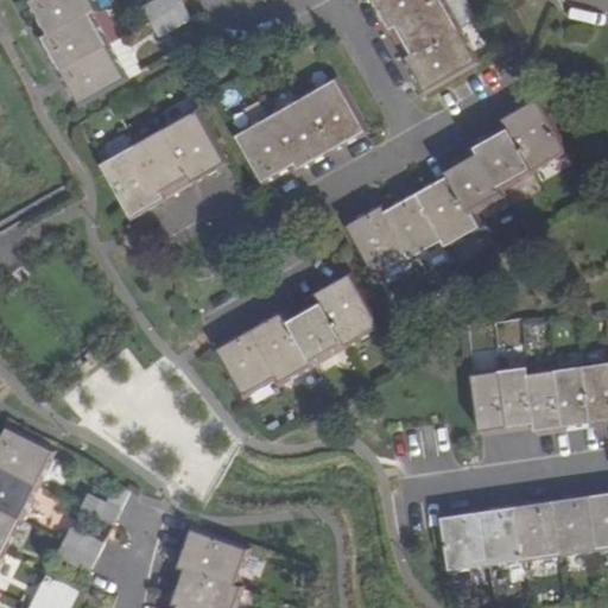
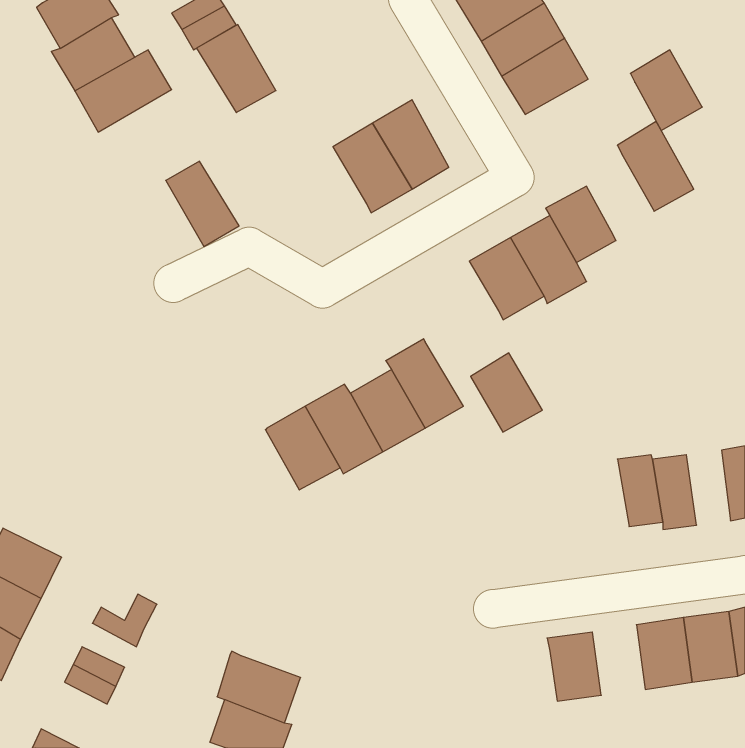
building: [162,112,226,183] -> [197,25,276,113]
building: [238,119,297,183] -> none
building: [471,125,530,190] -> [630,50,702,131]
building: [102,146,165,218] -> none
building: [346,205,404,270] -> [471,353,542,432]
building: [556,365,591,425] -> none
building: [474,372,509,430] -> none
building: [480,506,522,563] -> none

